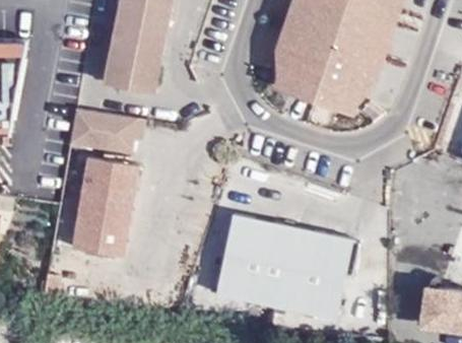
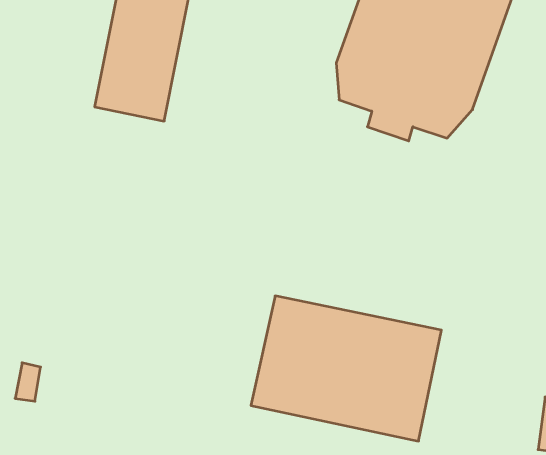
building: [67,106,143,152] -> none
building: [69,159,135,258] -> none

